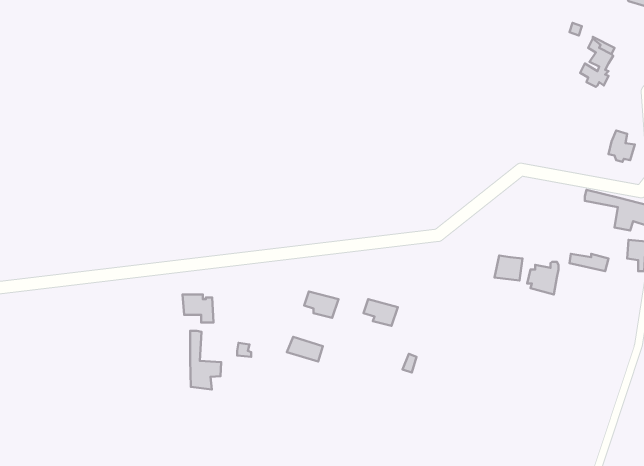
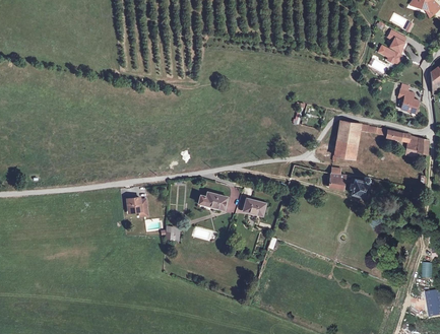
building: none -> [333,120,387,158]
building: [190,331,221,390] -> none

